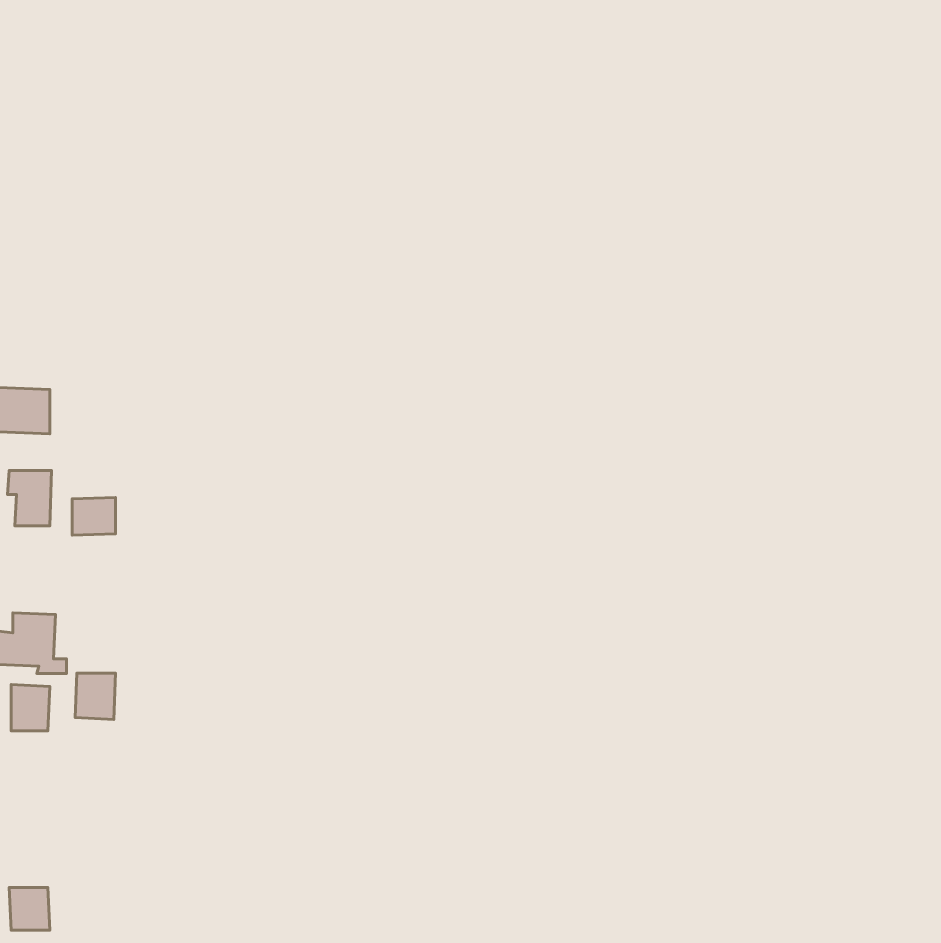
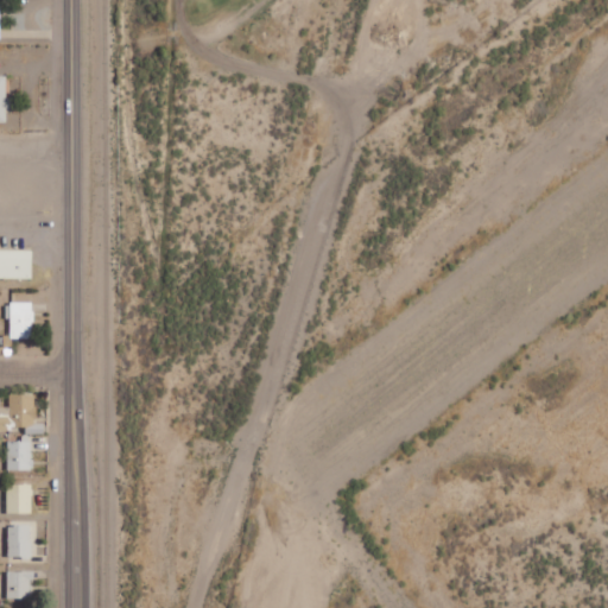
building: [72,497,116,535] -> none
building: [75,673,116,719] -> [6,484,32,514]
building: none -> [7,525,32,559]

